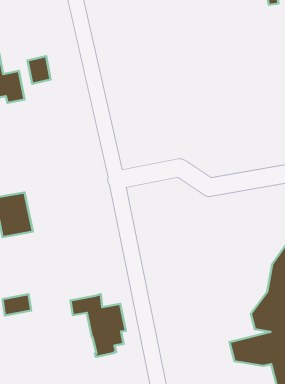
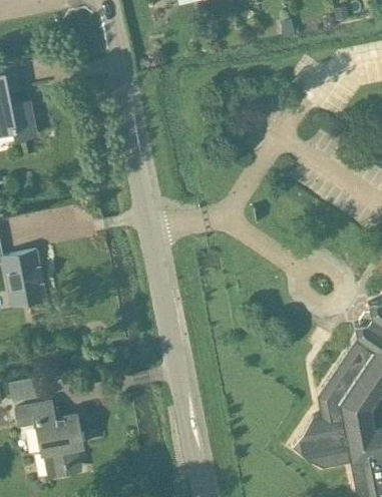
building: [28,56,51,84] -> none
building: [70,294,126,357] -> [16,402,84,479]

